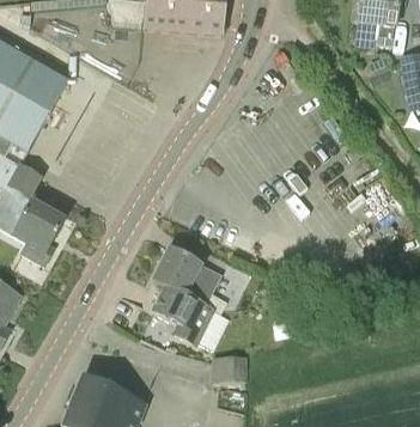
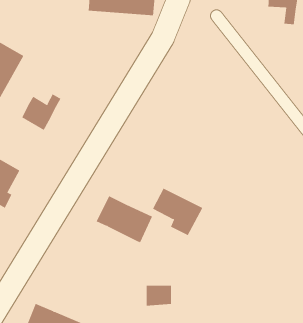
building: none -> [21,94,61,131]
building: [153,285,214,342] -> [152,188,203,236]

